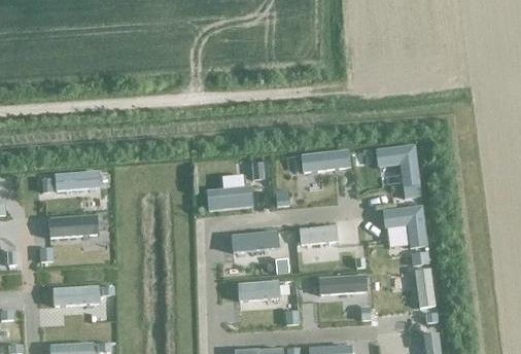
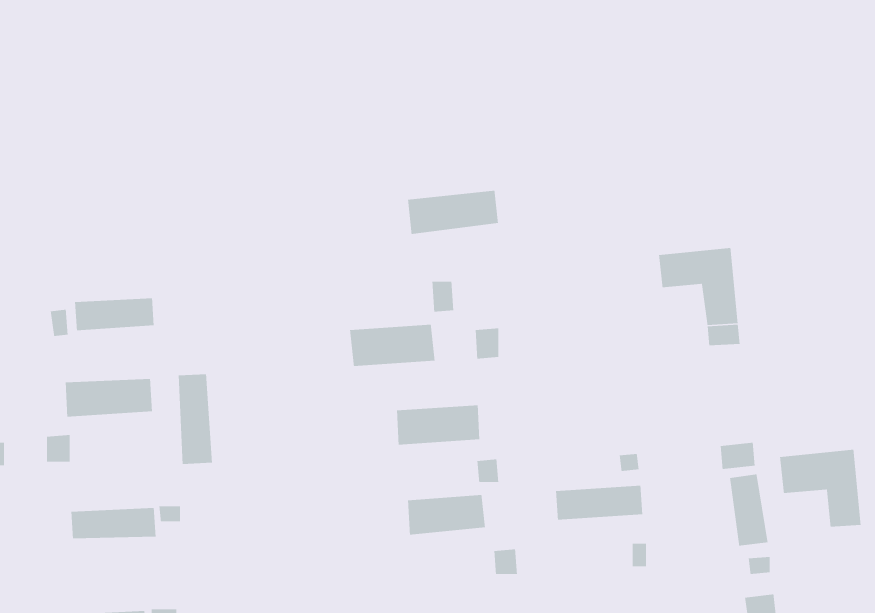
building: [301,148,351,173] -> [407,190,499,235]
building: [382,204,427,247] -> [779,449,862,528]
building: none -> [178,374,213,465]
building: [298,224,336,244] -> none

